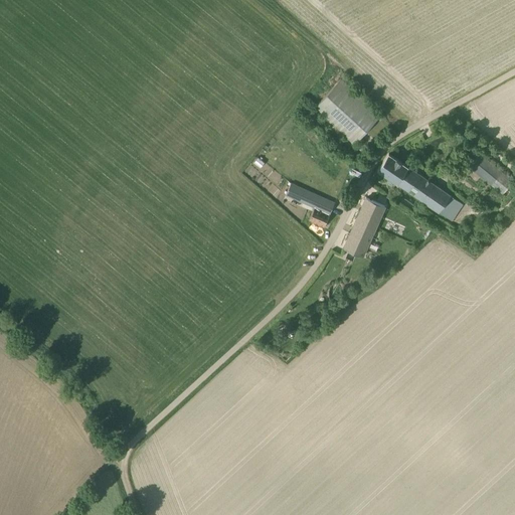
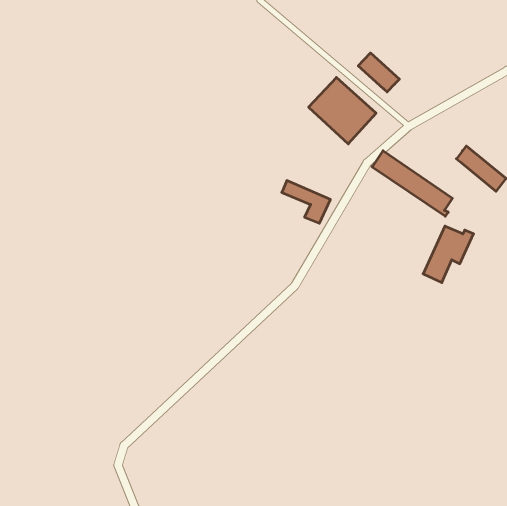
building: none -> [358,53,399,92]
building: [344,199,395,256] -> [423,226,474,283]

